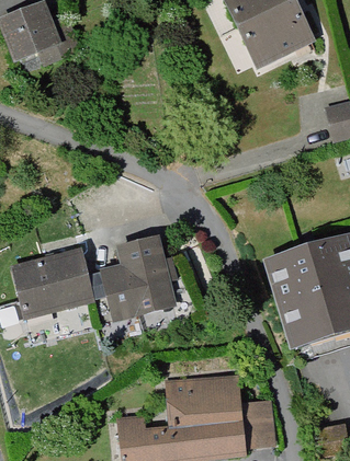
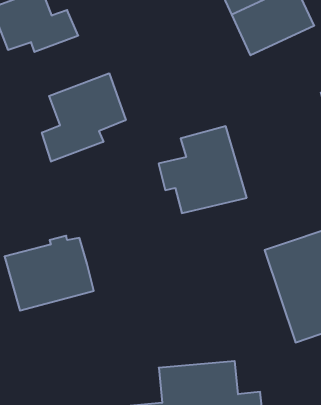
building: none -> [42,73,126,162]
building: [91,238,179,324] -> [159,126,247,213]

